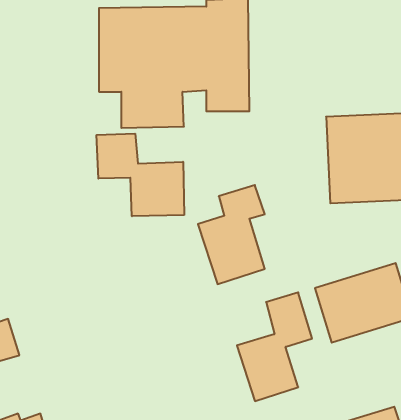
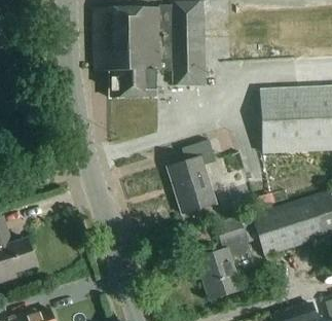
building: [97,134,184,216] -> none

